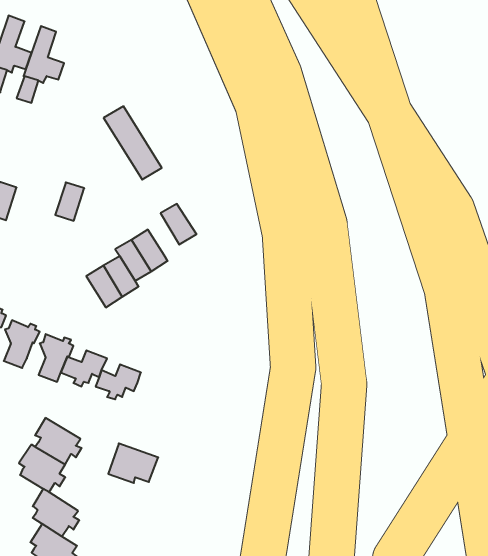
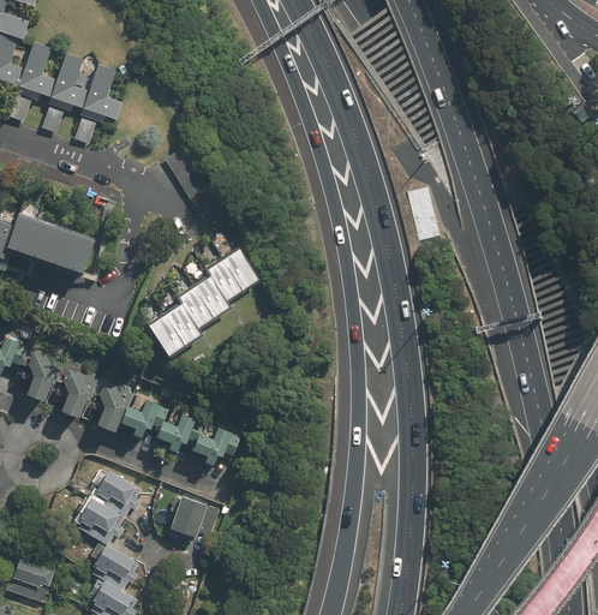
building: [55,182,84,221] -> [64,232,94,271]
building: none -> [207,258,243,301]
building: none -> [192,426,240,464]

